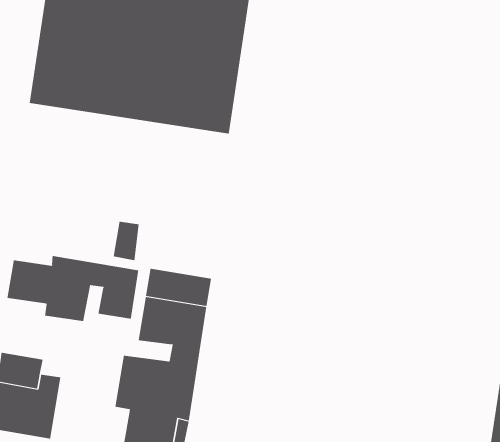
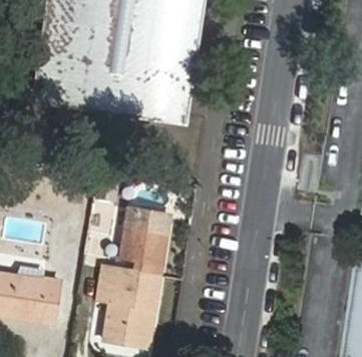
building: [7,255,139,322] -> none

